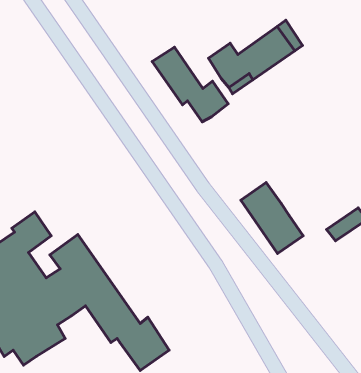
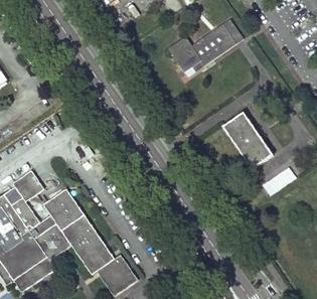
building: [152,47,228,122] -> none
building: [241,182,303,253] -> [223,112,273,168]

